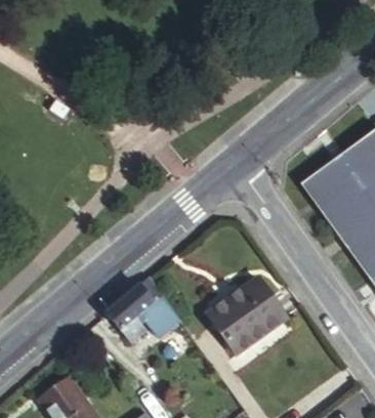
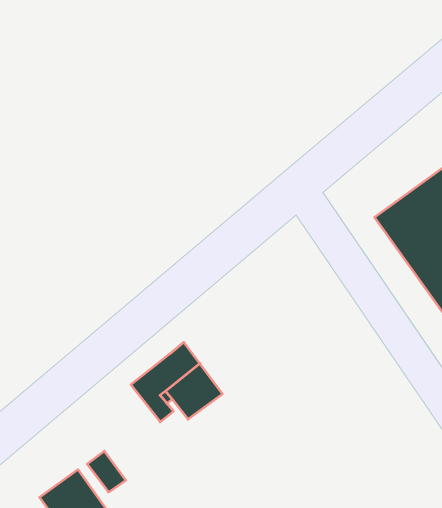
building: [209,276,289,350] -> none

